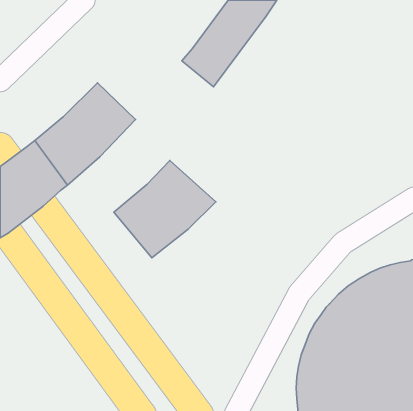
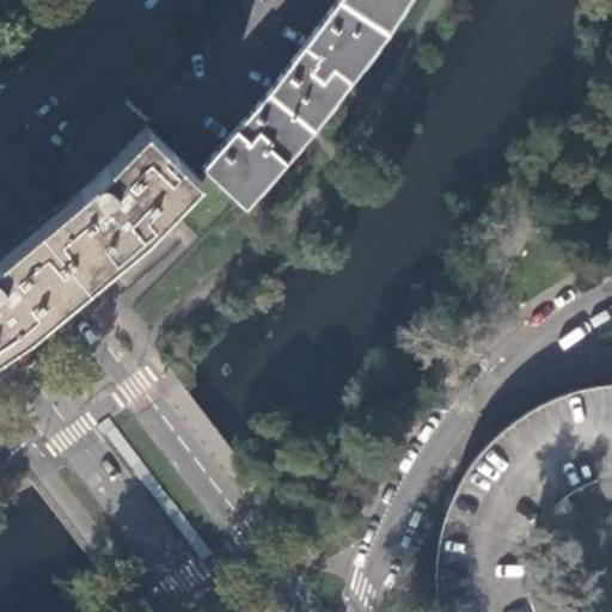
building: none -> [204,96,317,212]
building: [114,160,216,258] -> none

